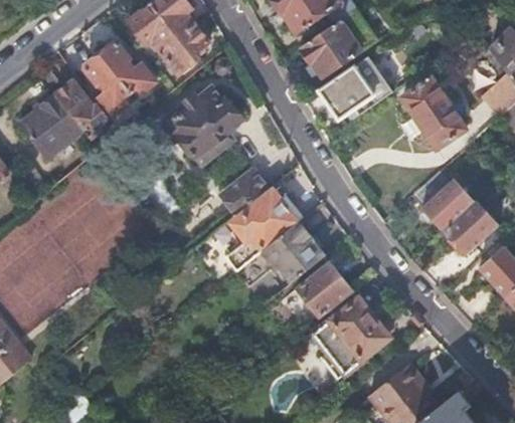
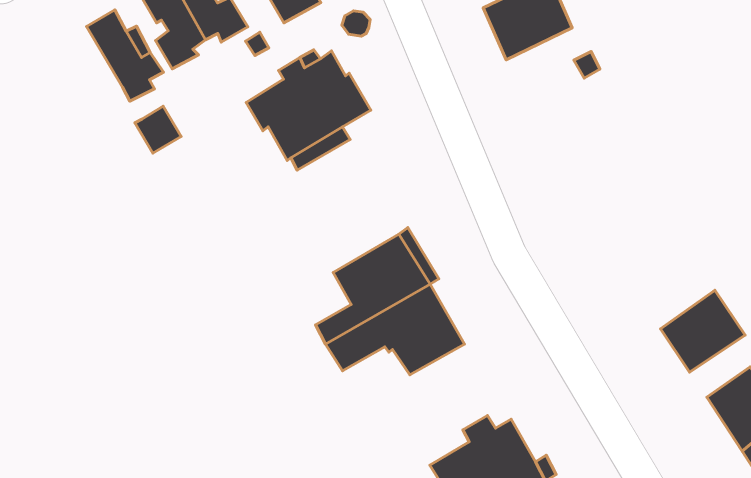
building: [321,65,375,119] -> none
building: [402,76,465,147] -> none
building: [22,95,84,158] -> none
building: [223,171,267,216] -> none
building: [411,171,472,229] -> none
building: [295,262,352,319] -> none

